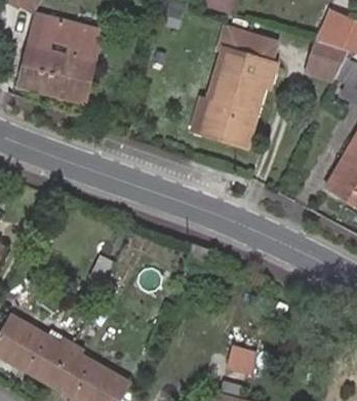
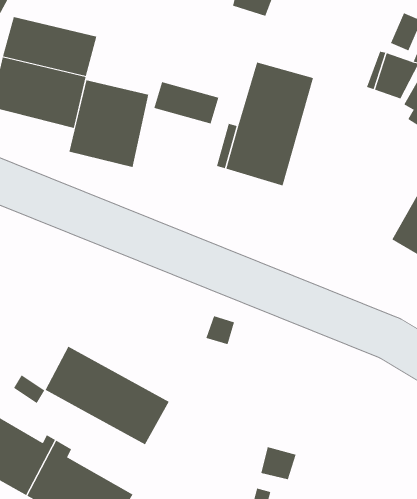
building: [224,29,274,62] -> [154,82,219,124]
building: none -> [69,79,149,168]
building: none -> [45,346,170,445]

